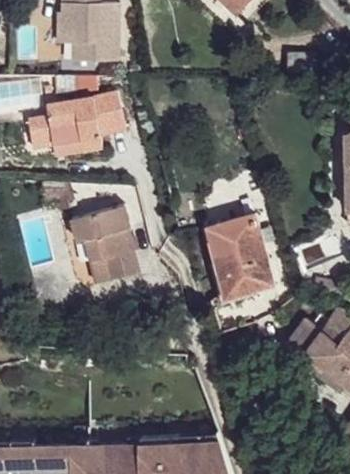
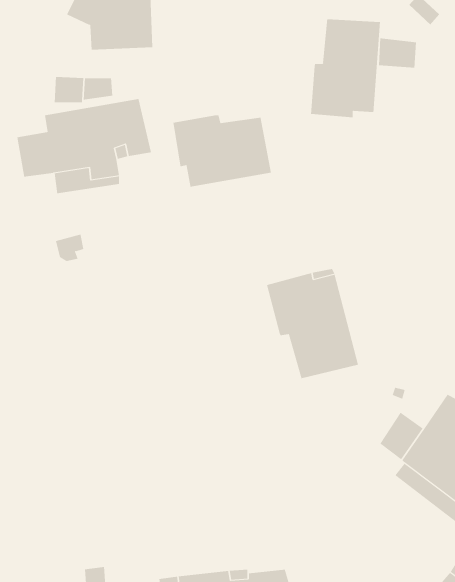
building: none -> [311,19,381,118]
building: none -> [173,115,272,187]
building: [69,202,136,279] -> none

